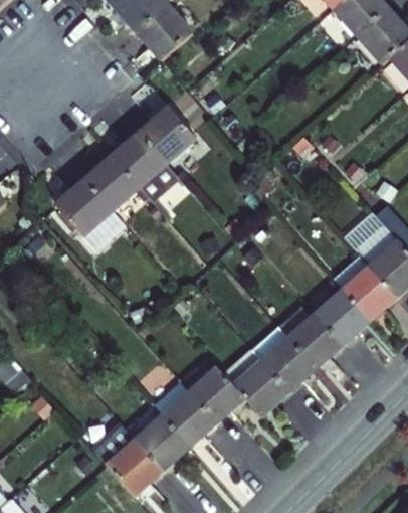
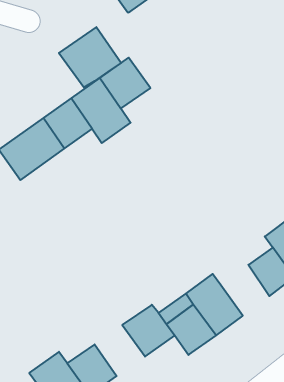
building: none -> [59,27,121,88]
building: [289,314,343,369] -> none
building: [153,383,217,449] -> none

